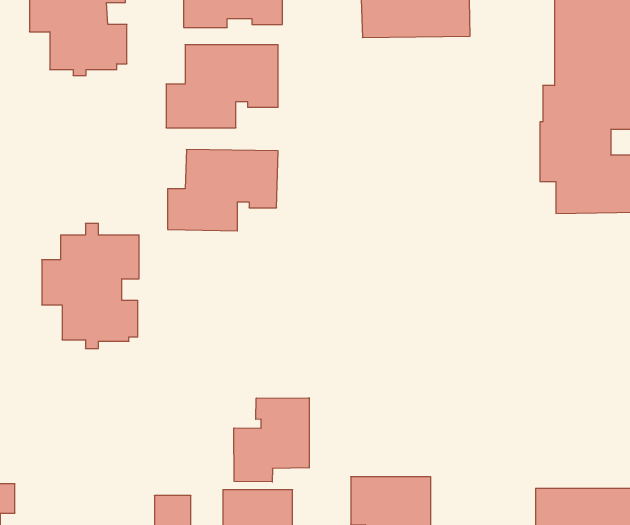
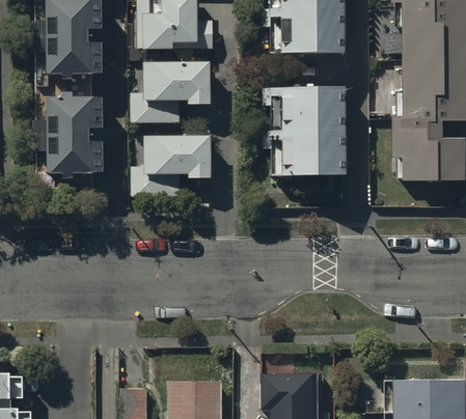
building: none -> [263,82,348,180]
building: [42,223,139,348] -> [33,93,103,183]
building: [234,398,309,482] -> none

